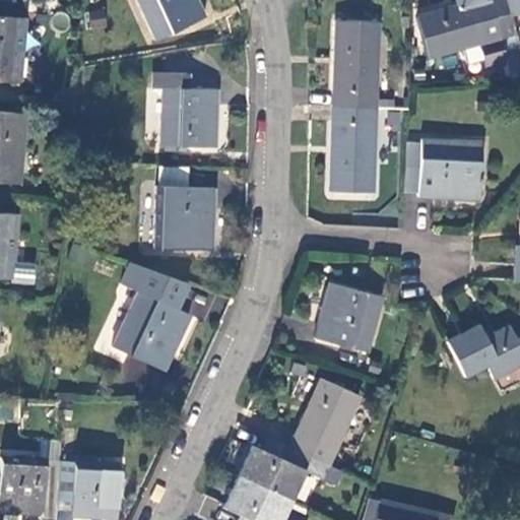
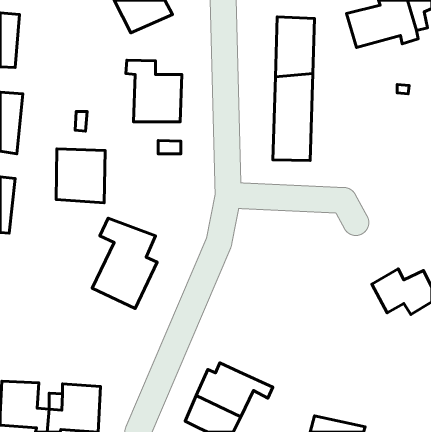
building: [418,139,484,199] -> none
building: [157,186,216,251] -> [56,149,105,203]
building: [314,280,383,351] -> none
building: [288,378,361,465] -> none

